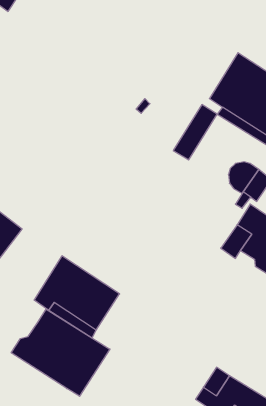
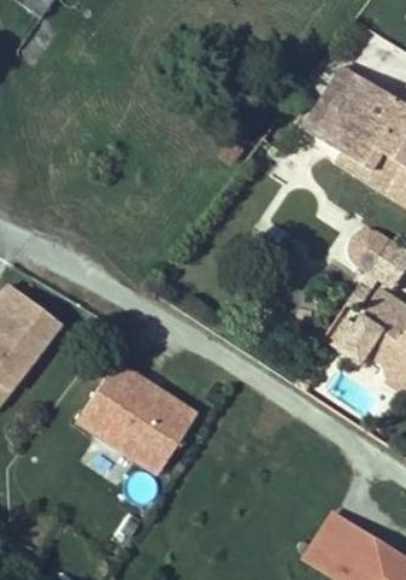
building: [173,105,217,160] -> [301,63,363,140]
building: [11,309,110,396] -> none

